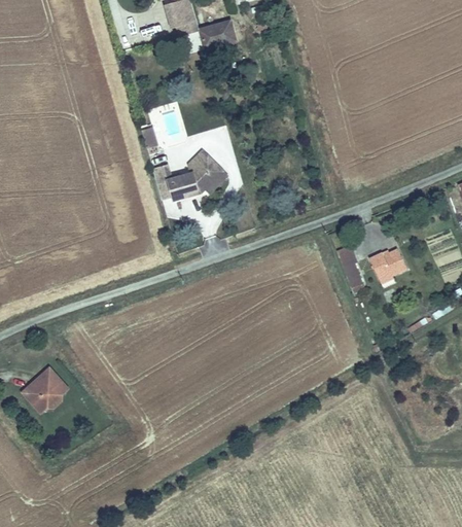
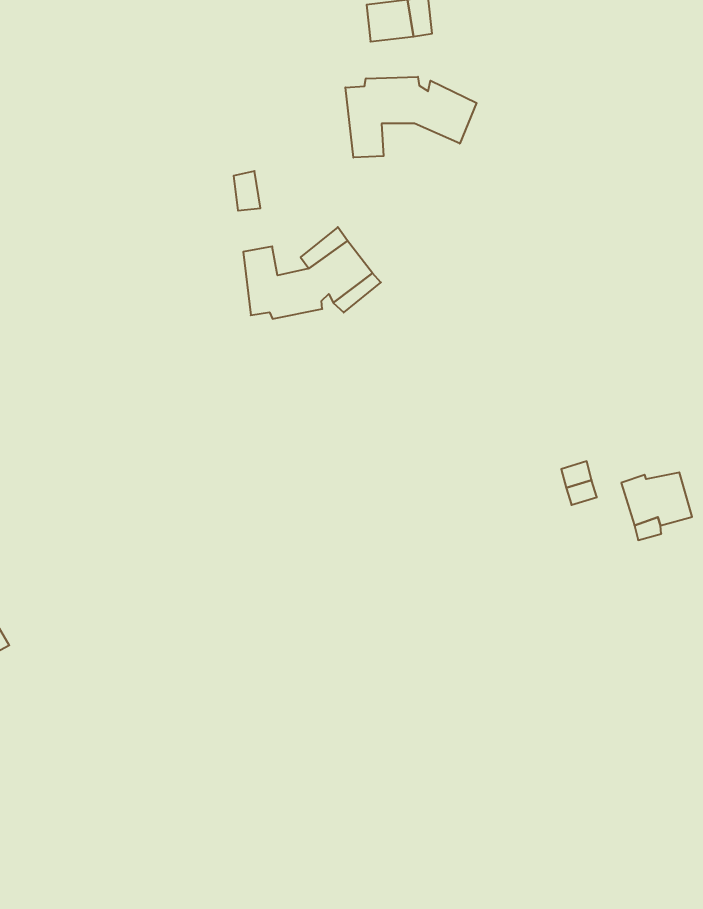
building: none -> [345,77,477,158]

